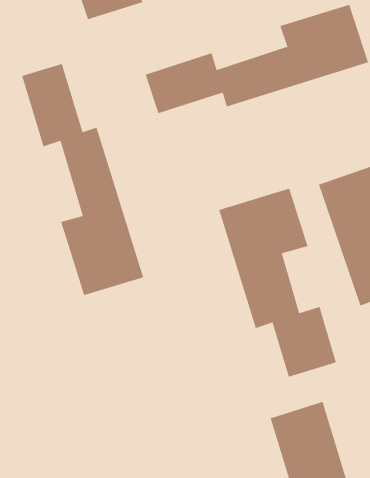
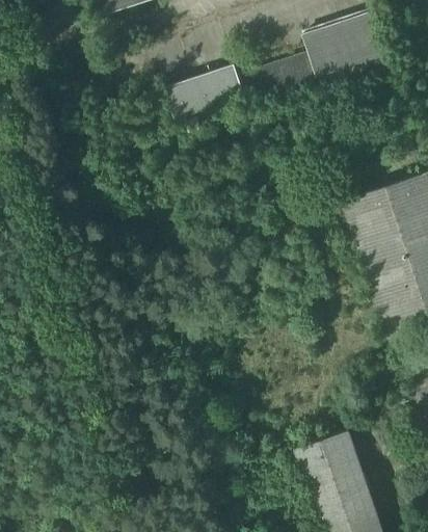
building: [21,63,144,296] -> none
building: [218,188,337,377] -> none

